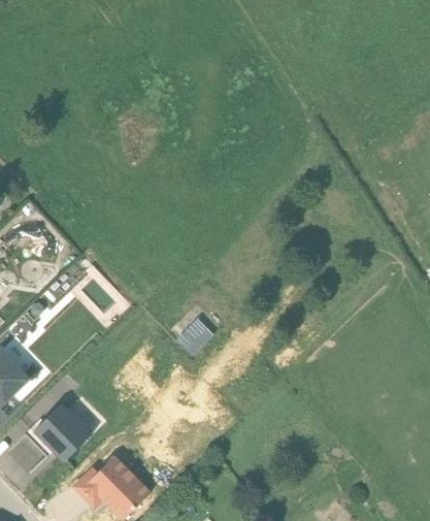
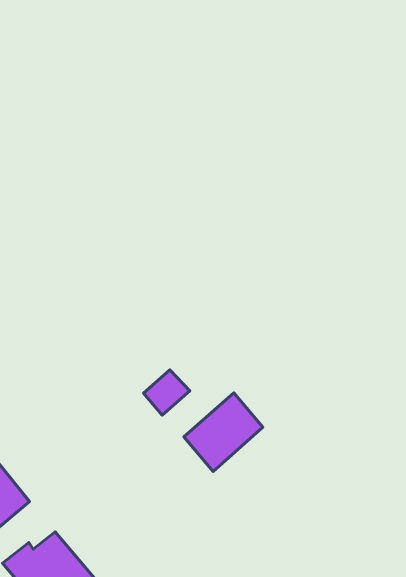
building: none -> [184,393,263,471]

